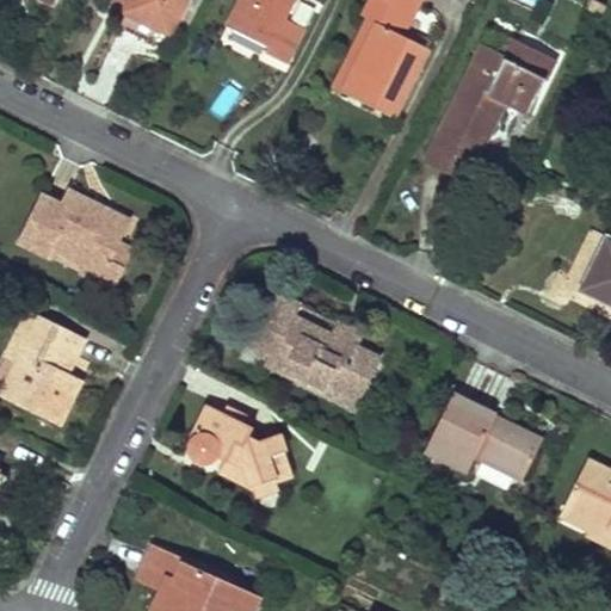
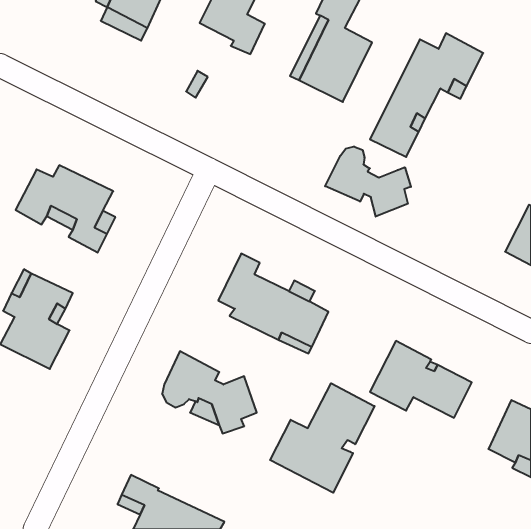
building: none -> [325,146,411,217]
building: none -> [270,383,375,493]

